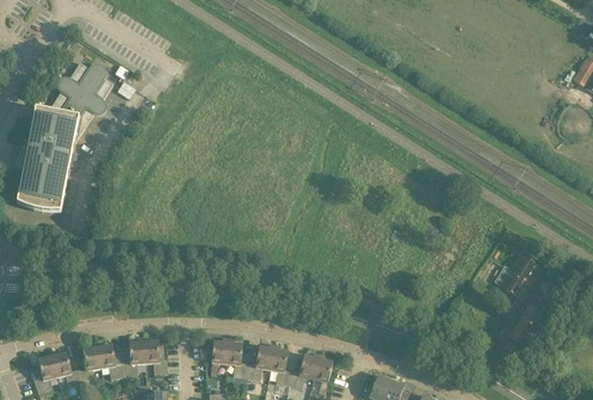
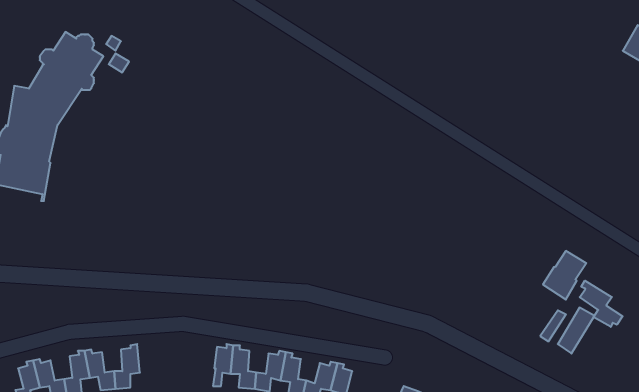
building: none -> [580,281,623,327]
building: [143,338,167,375] -> none

